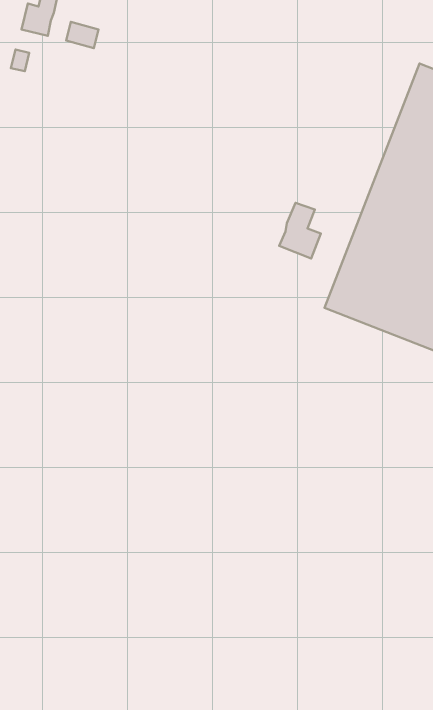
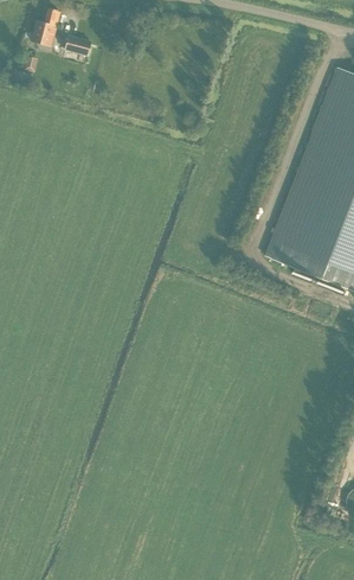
building: [279,203,321,258] -> none

